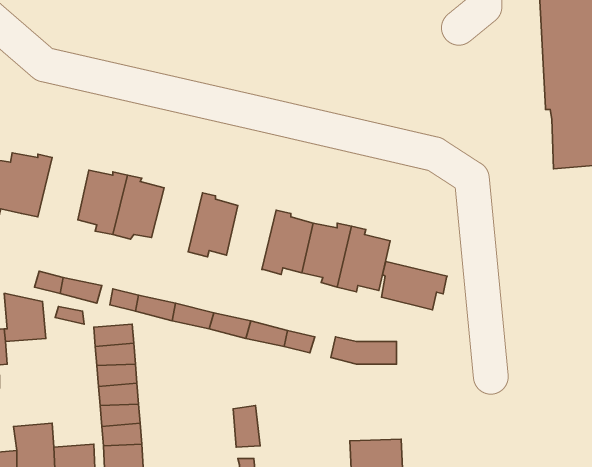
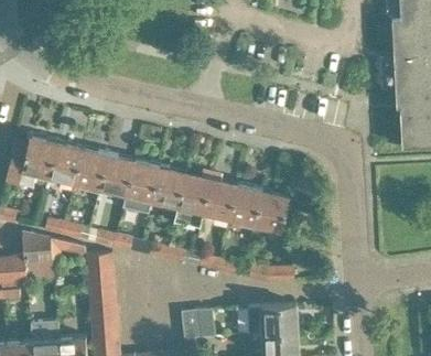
building: none -> [47,140,83,184]
building: none -> [123,161,161,214]
building: none -> [174,173,212,227]
building: [381,262,447,310] -> none
building: none -> [248,306,298,336]

